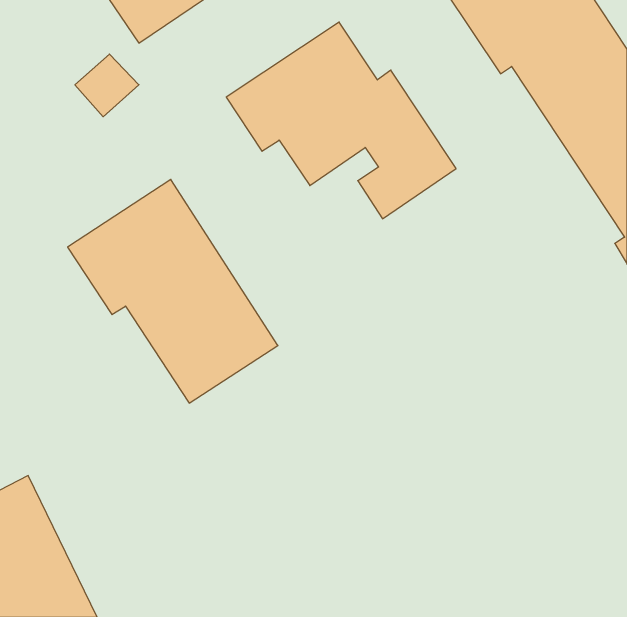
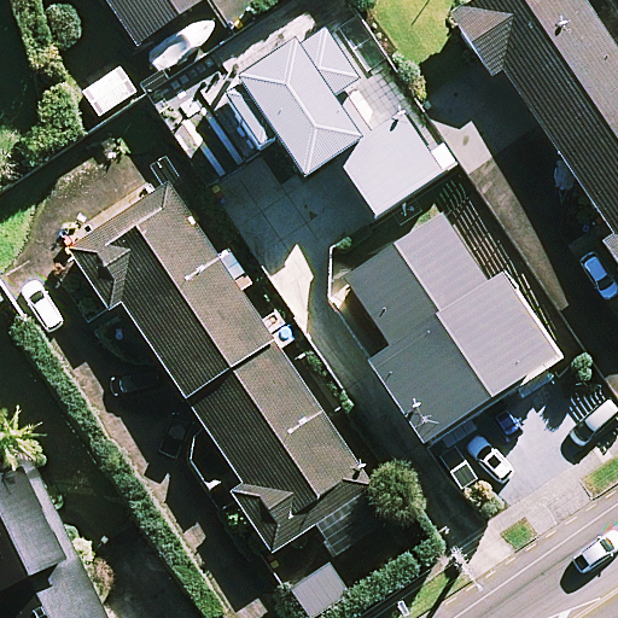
building: none -> [345,212,558,443]
building: none -> [186,339,368,549]

